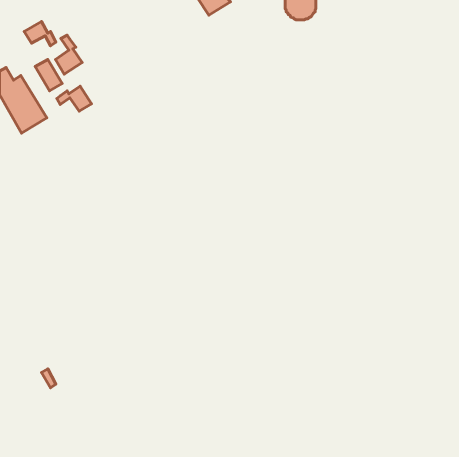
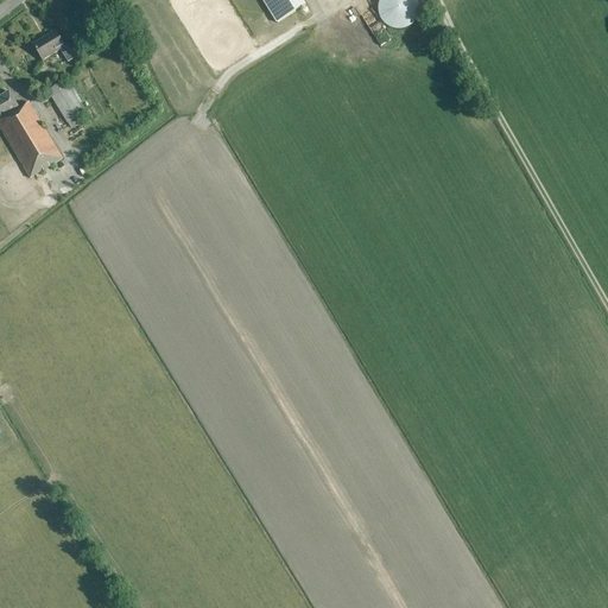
building: [55,35,82,74] -> none
building: [57,86,91,111] -> none

